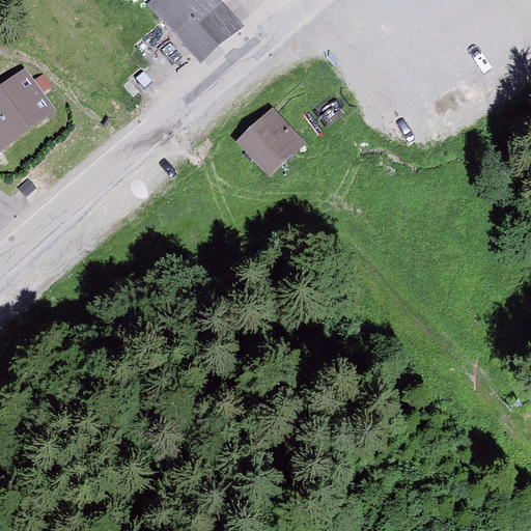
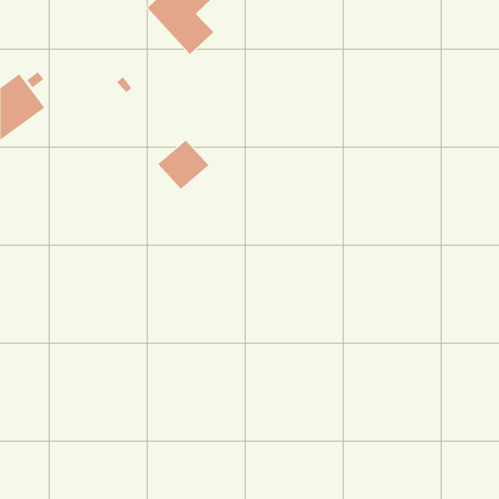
building: [243,119,298,172] -> [157,140,209,190]

